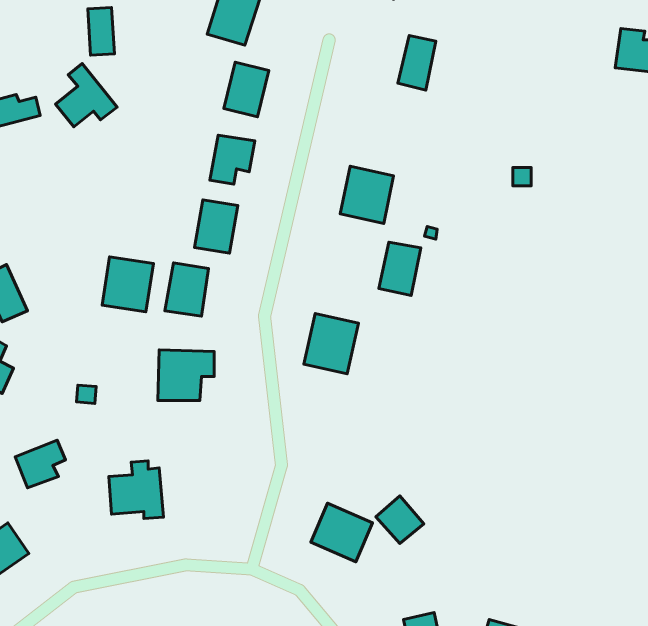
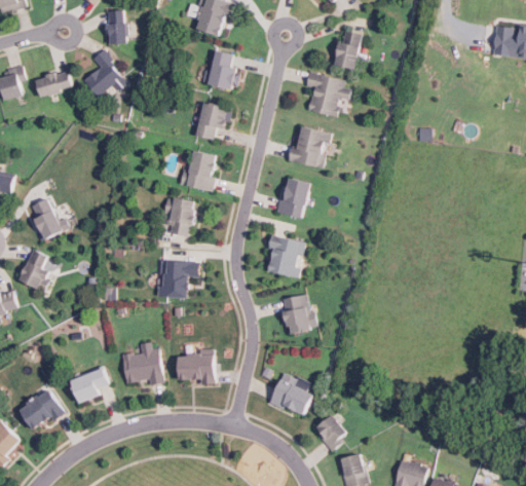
building: none -> [305,73,347,117]
building: [379,242,421,296] -> [278,179,309,218]
building: [102,257,153,312] -> none
building: none -> [281,295,312,335]
building: [15,440,66,488] -> [71,367,108,402]
building: none -> [178,353,215,382]
building: [376,496,424,544] -> [313,414,348,449]

